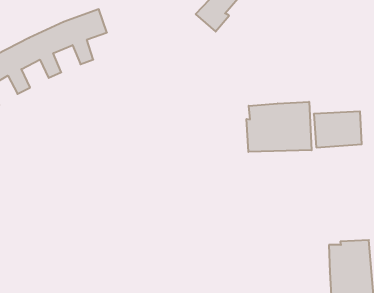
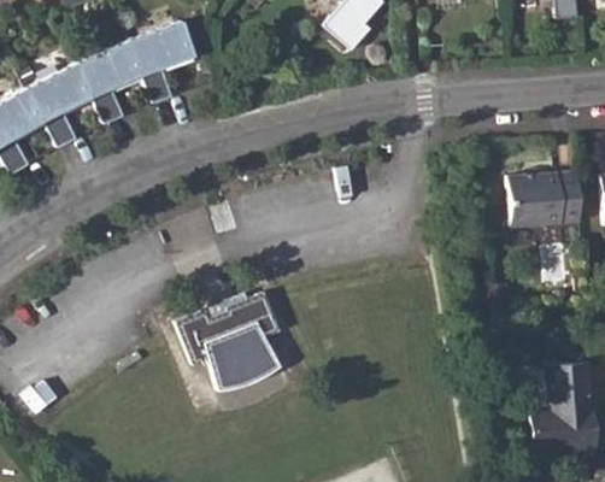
building: [247,102,312,152] -> none
building: none -> [180,289,281,388]

